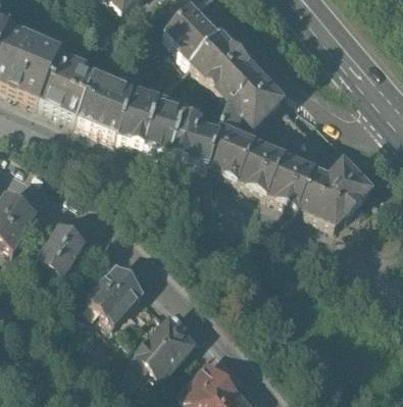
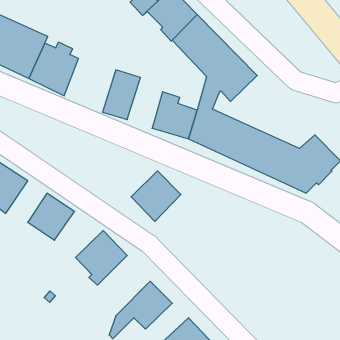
building: [79,77,133,135] -> none
building: [146,98,187,152] -> none
building: none -> [131,171,181,221]

